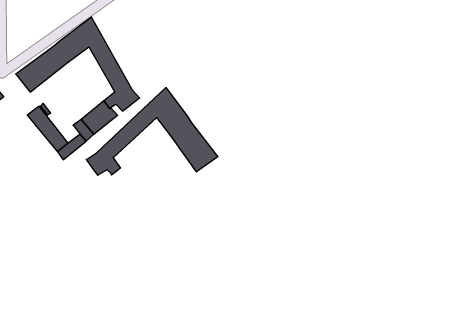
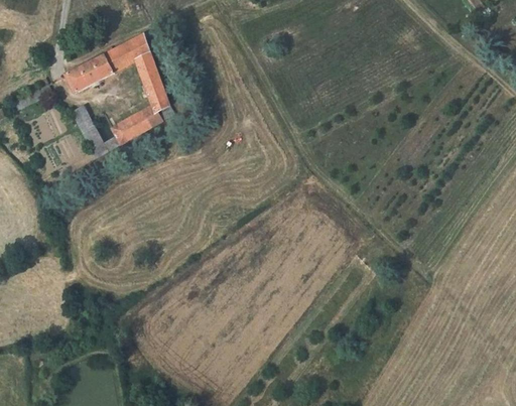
building: [86,88,218,175] -> none

